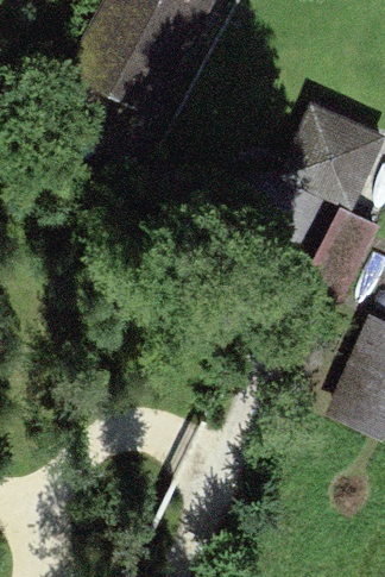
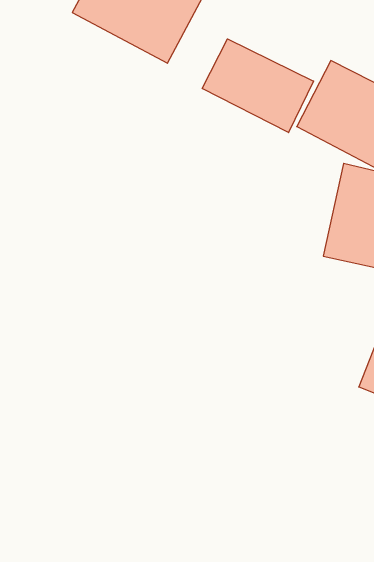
building: none -> [202,39,314,133]

